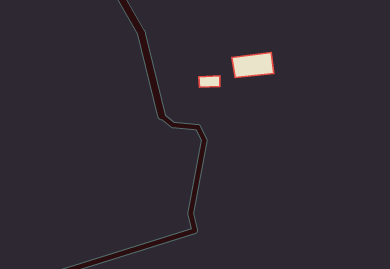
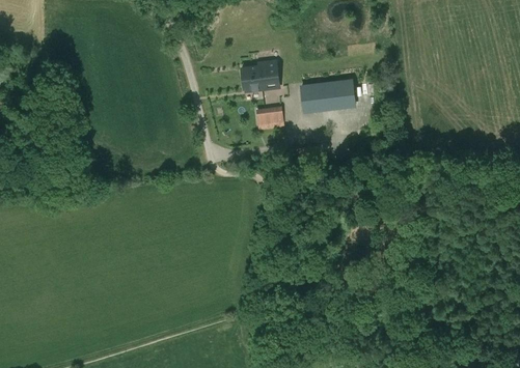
building: none -> [241,61,278,89]

